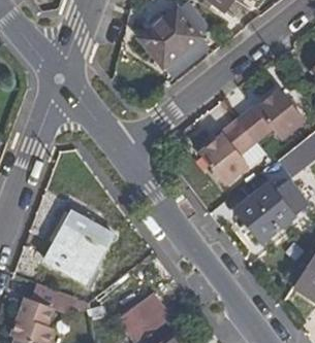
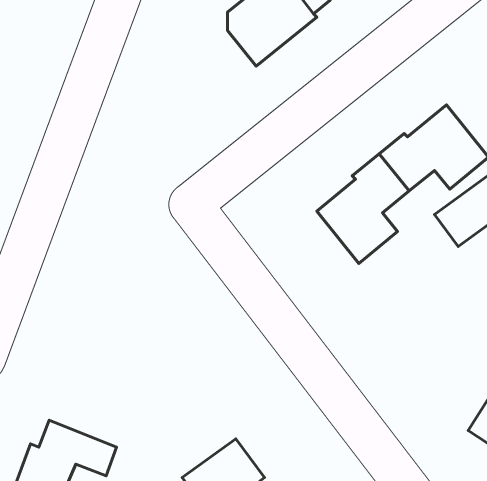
building: [235,184,300,244] -> none
building: [42,202,112,283] -> none

